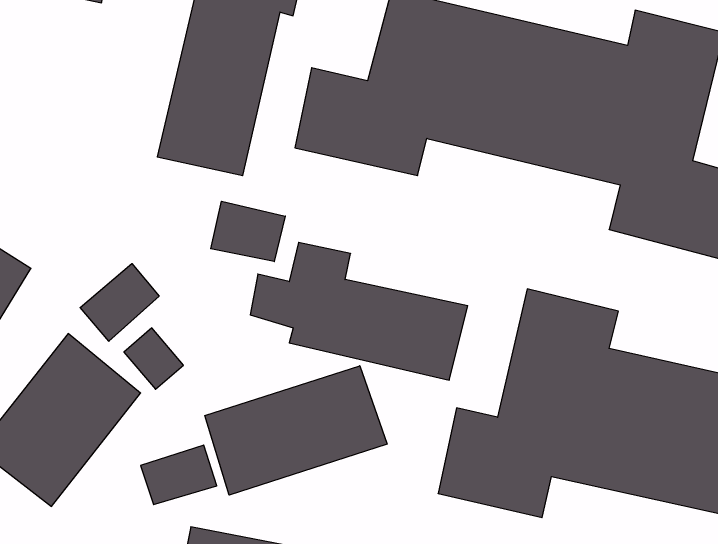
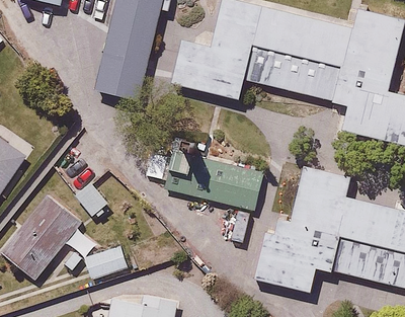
building: [211,201,285,262] -> none
building: [80,264,159,341] -> none
building: [205,366,387,495] -> none

